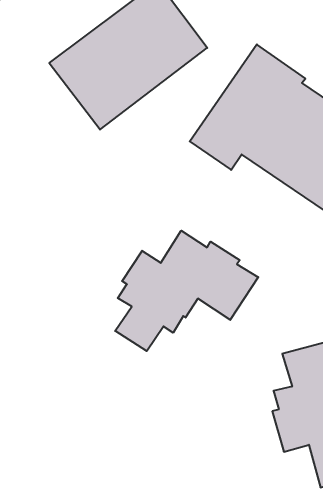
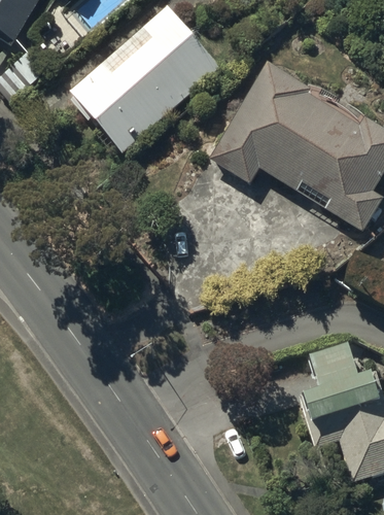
building: [115,231,258,351] -> none

